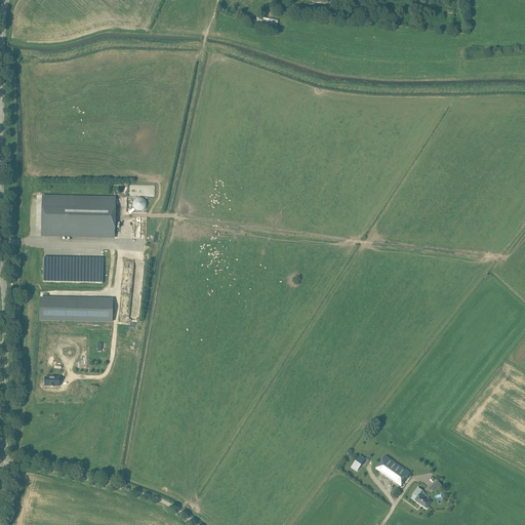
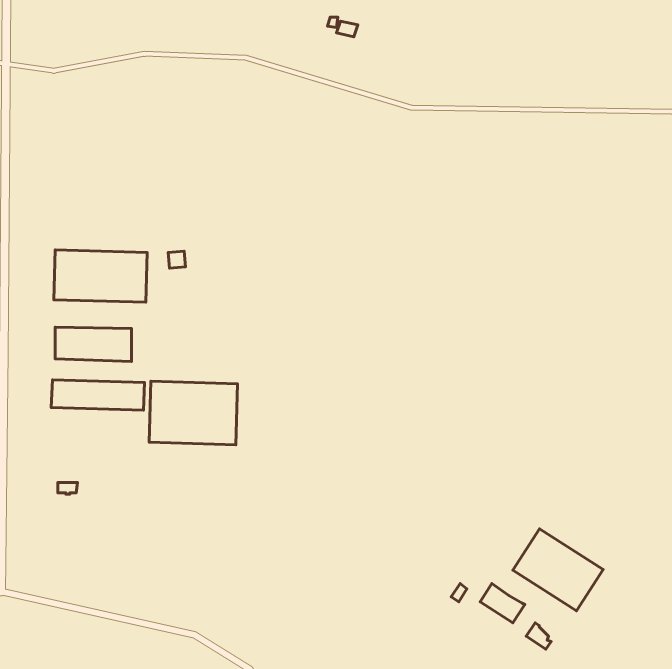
building: none -> [149,381,238,445]
building: none -> [513,529,603,611]

